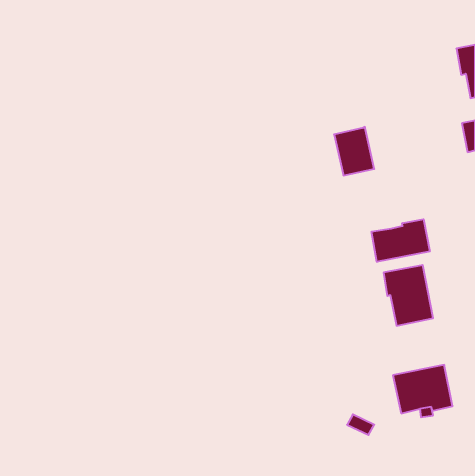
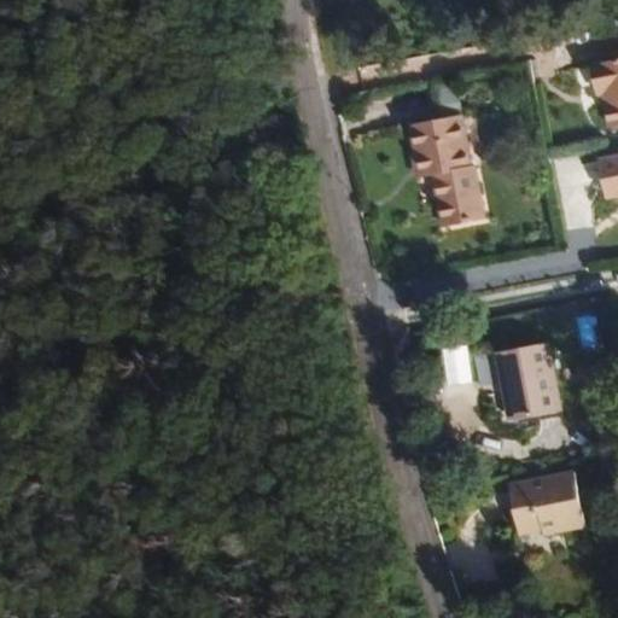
building: none -> [409,112,470,175]
building: [372,219,430,262] -> none

